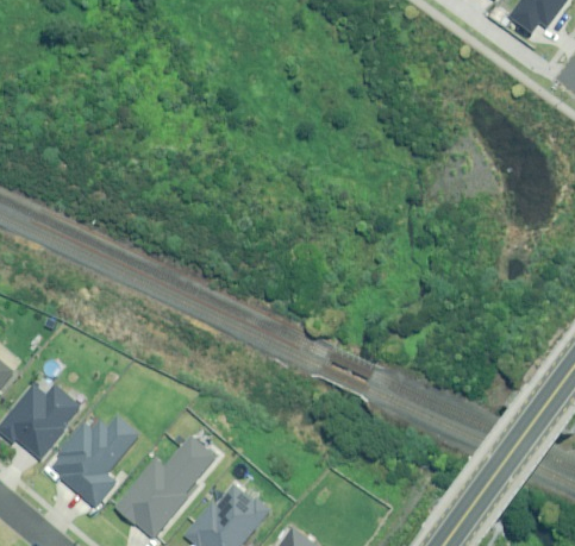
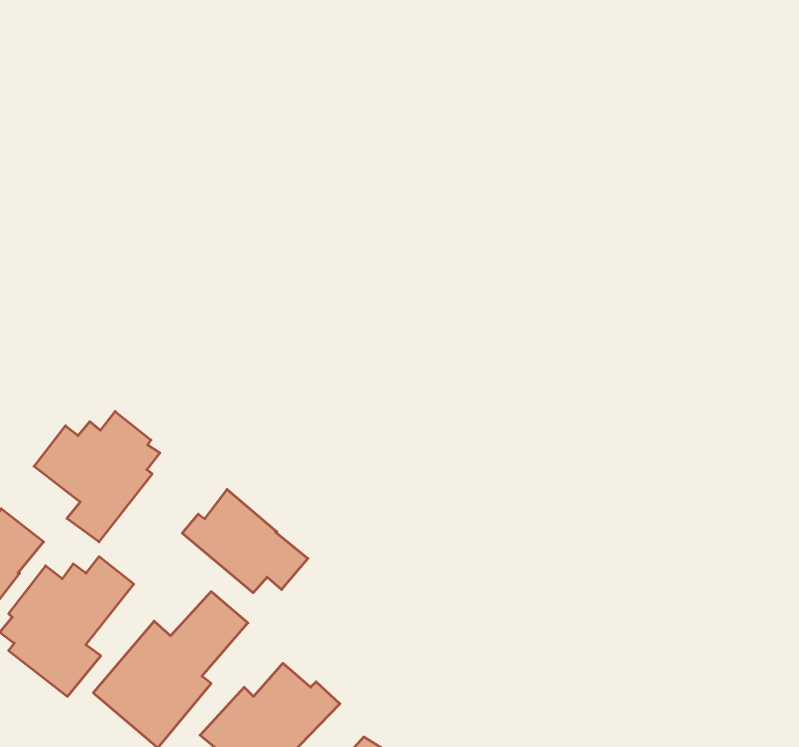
building: none -> [34,411,160,542]
building: none -> [182,489,308,593]

